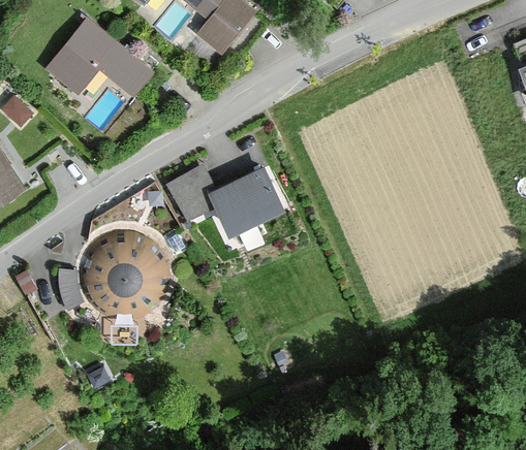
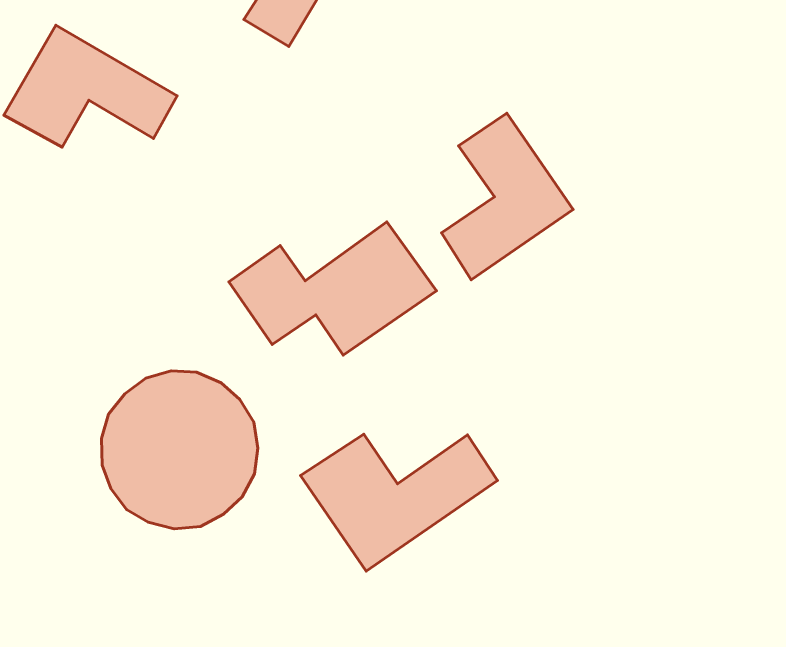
building: none -> [441,113,573,280]
building: none -> [300,434,498,571]

